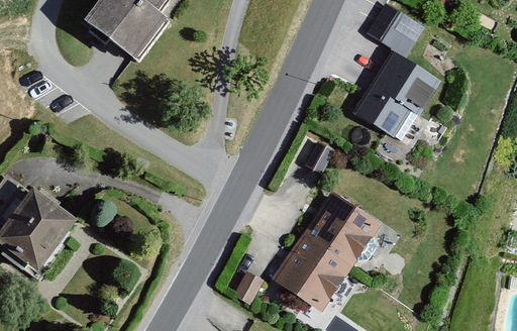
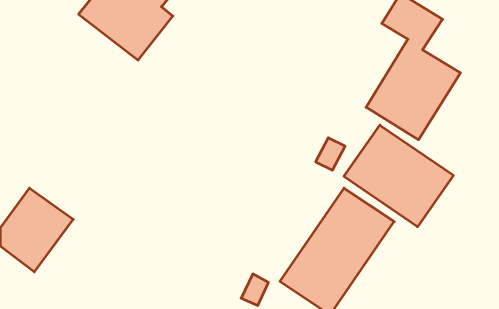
building: none -> [344,125,453,227]

